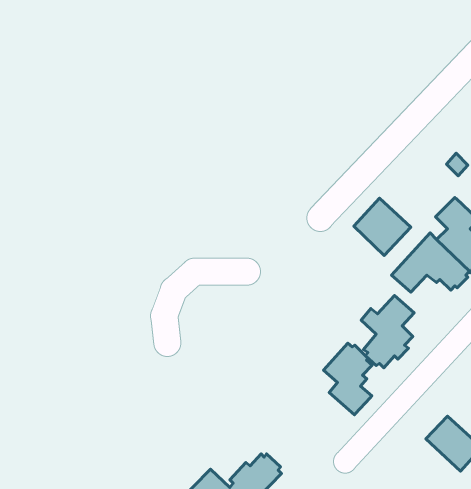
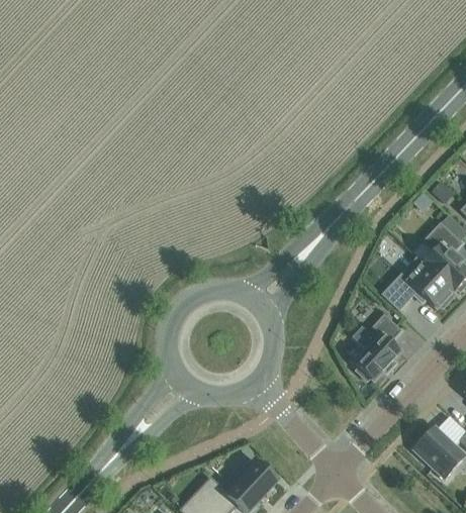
building: [354,198,411,256] -> none
building: [324,343,372,415] -> none

